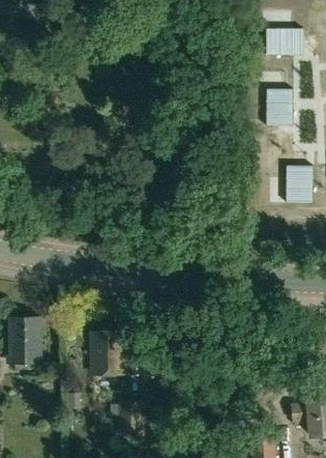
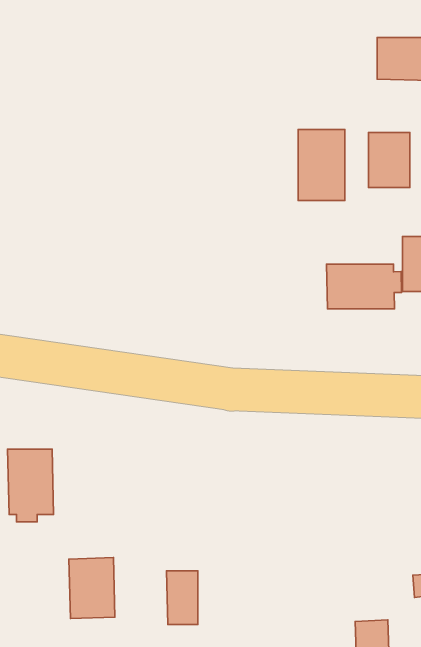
building: none -> [298,130,345,201]
building: none -> [327,264,402,309]
building: [92,331,124,373] -> [69,558,115,618]

